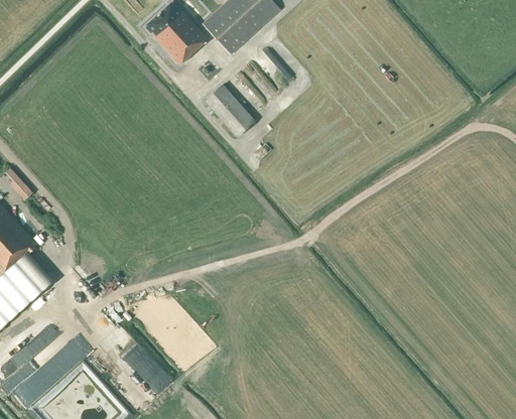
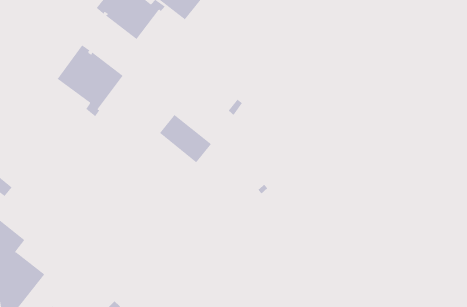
building: none -> [57,44,124,117]
building: [205,86,255,138] -> [159,114,212,163]

